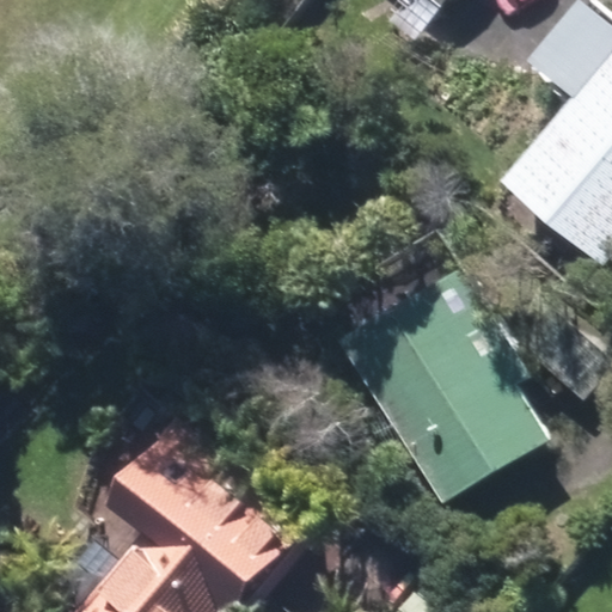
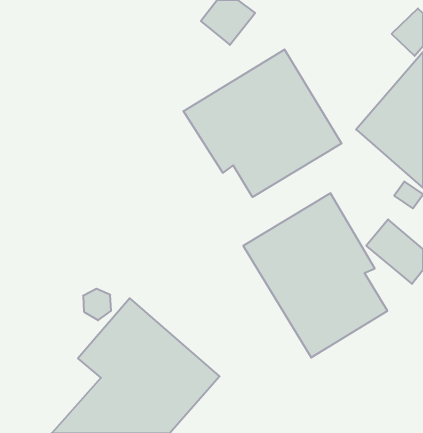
building: none -> [183,49,342,197]

